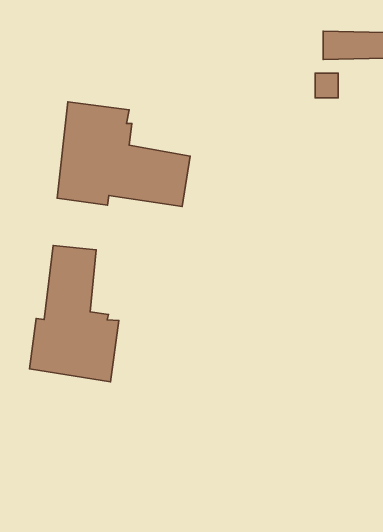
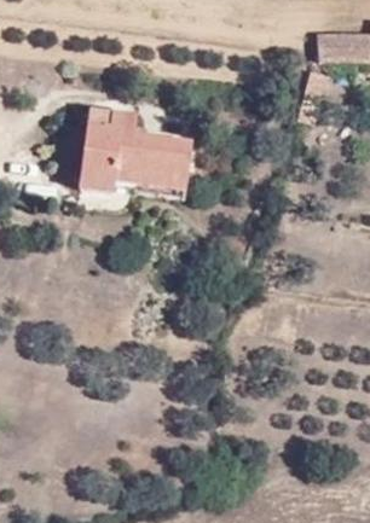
building: [30,245,119,382] -> none

